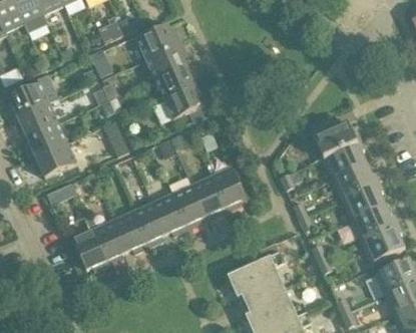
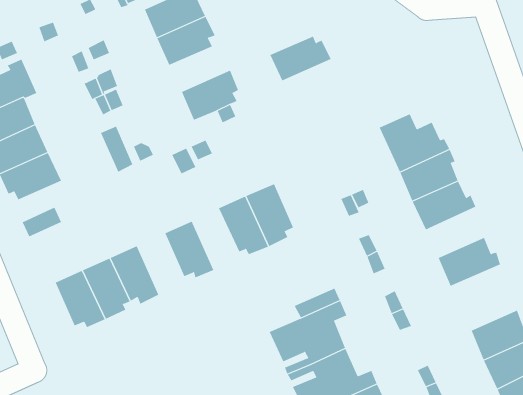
building: [154,65,199,98] -> [270,36,331,81]
building: [342,183,385,220] -> none
building: [171,184,205,229] -> none
building: [131,202,165,247] -> none
building: [360,225,404,263] -> none

